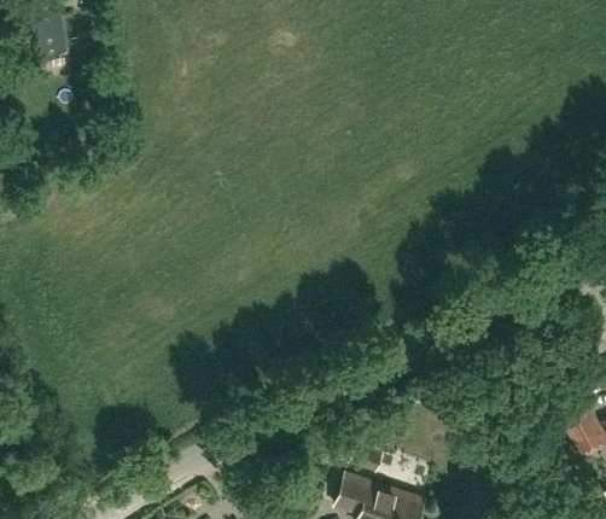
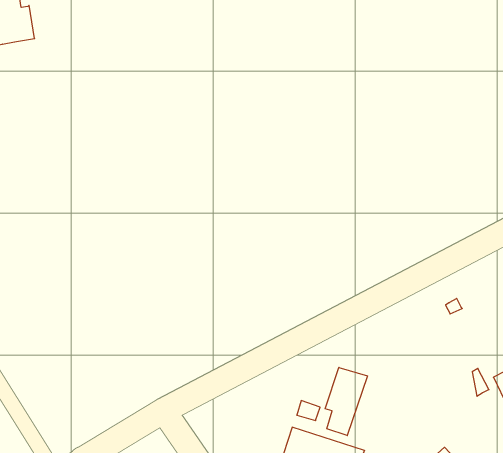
building: none -> [325,367,368,436]

